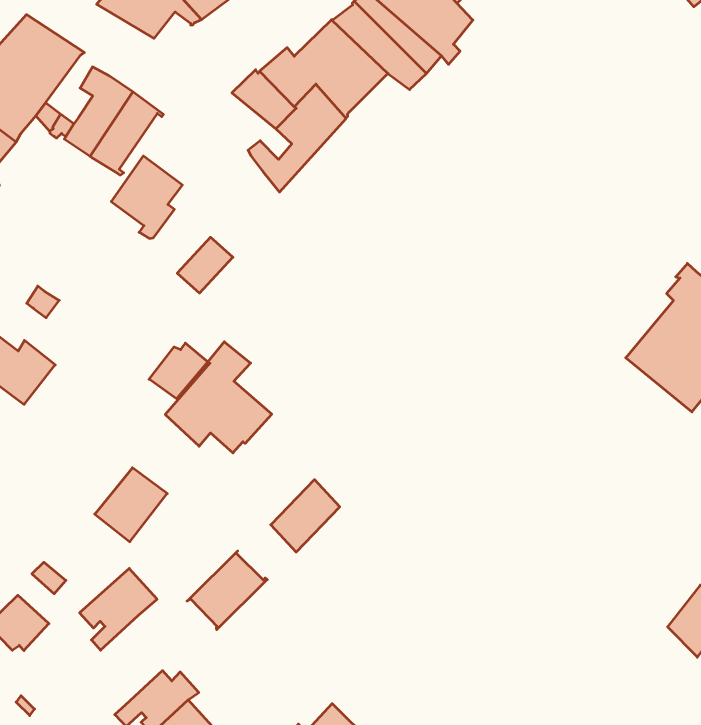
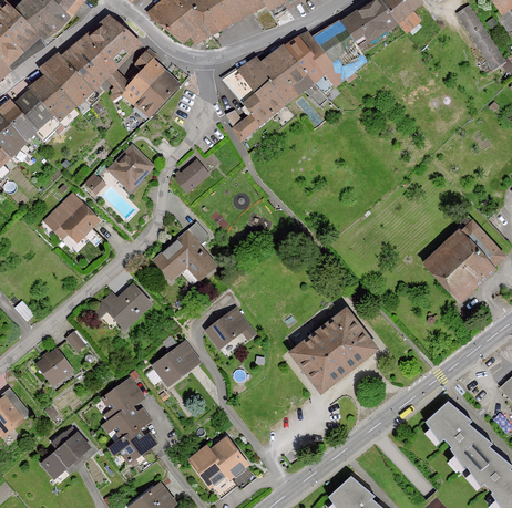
building: [111,156,182,238] -> [109,146,151,194]
building: [149,343,208,399] -> none
building: none -> [290,310,376,392]
building: [80,568,157,650] -> [99,376,144,421]

